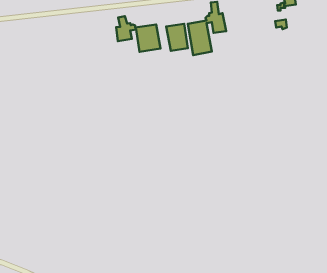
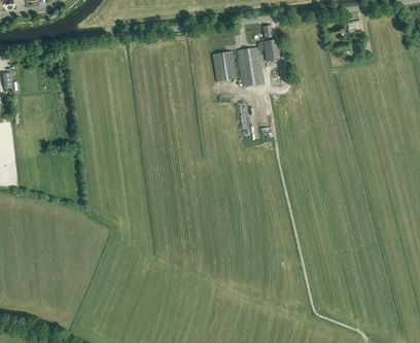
building: [116,16,160,52] -> none

